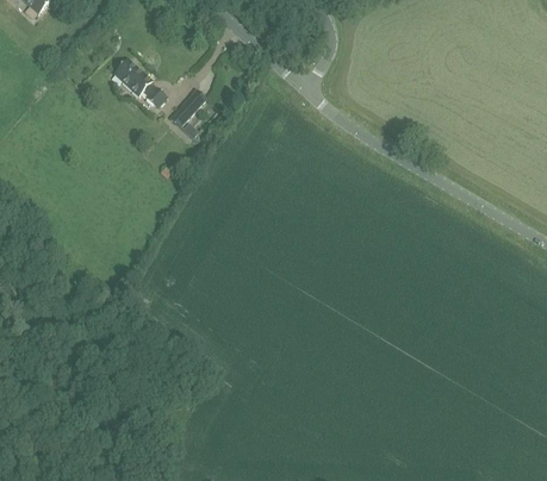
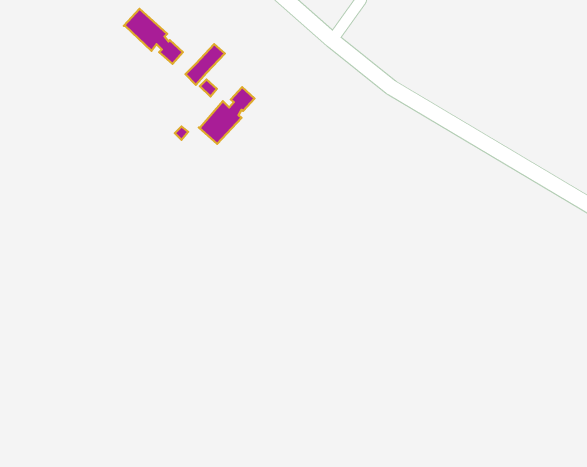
building: none -> [199,87,255,144]

